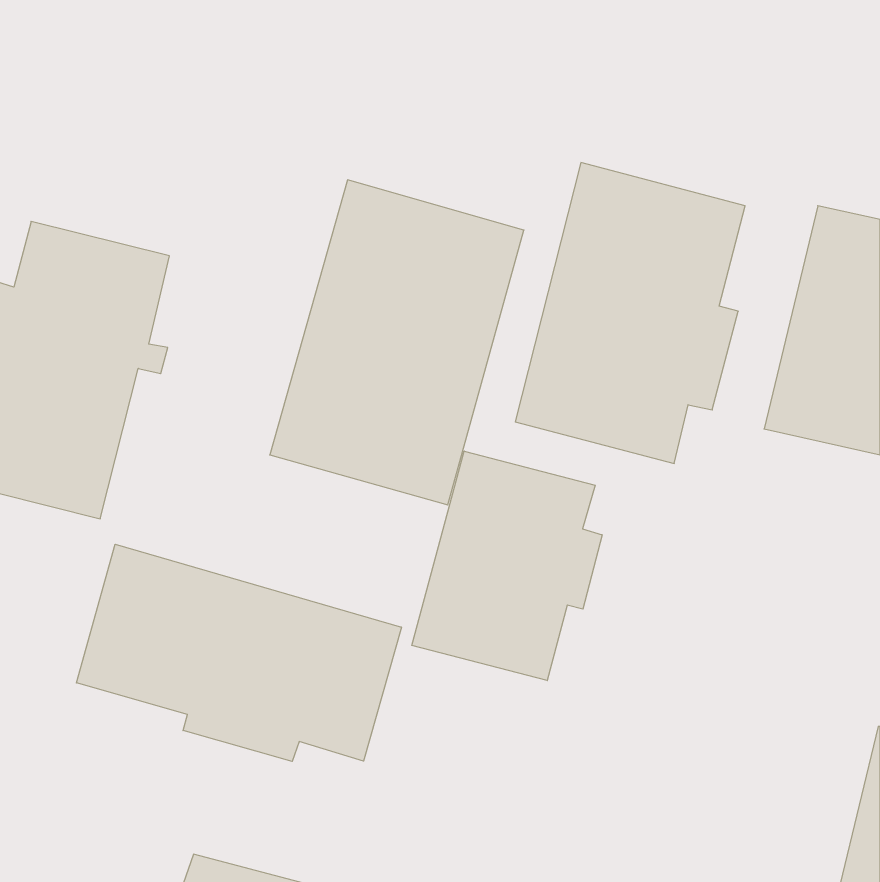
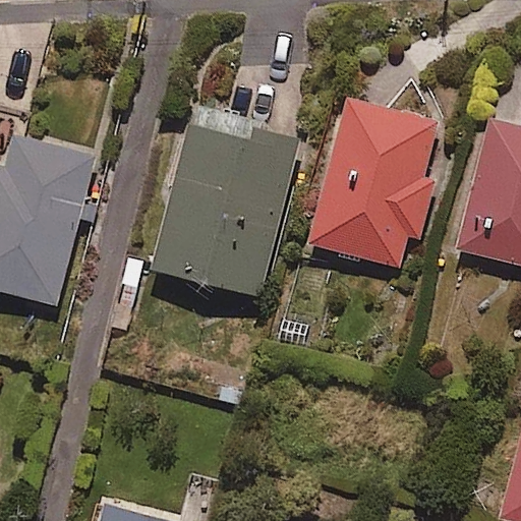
building: [412,451,602,681] -> none
building: [76,544,401,761] -> none

